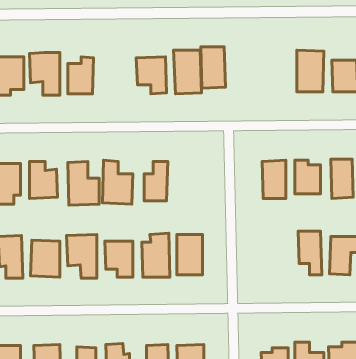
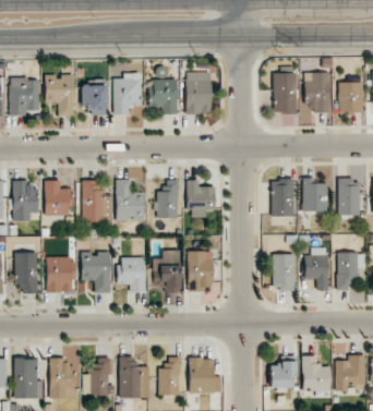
building: [201,47,225,88] -> [274,73,298,113]
building: none -> [113,73,143,114]
building: none -> [189,180,216,217]
building: none -> [273,253,297,292]

